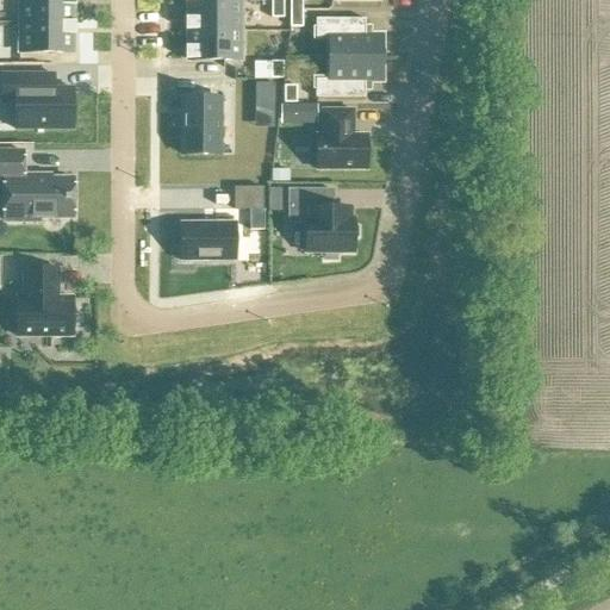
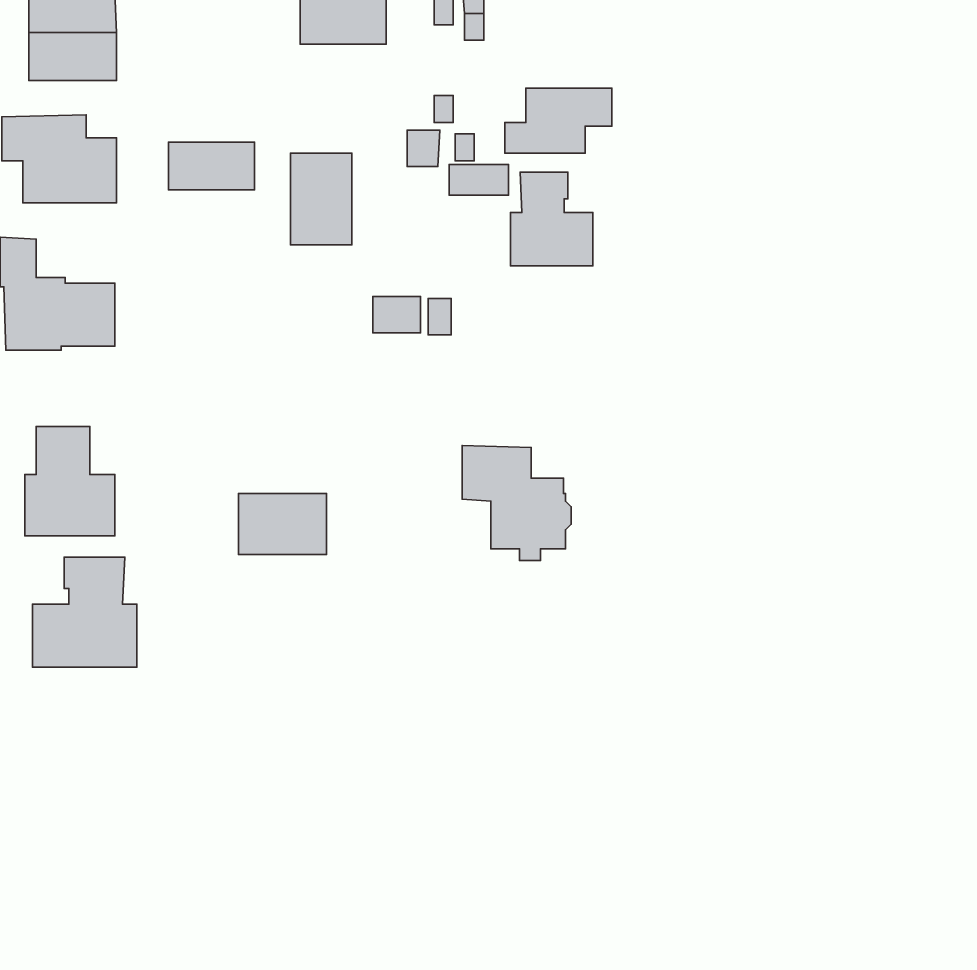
building: [315,17,381,55] -> none
building: [187,27,241,57] -> [168,142,255,190]
building: [287,186,355,257] -> [462,446,571,560]
building: [180,220,235,259] -> [238,493,326,555]
building: none -> [32,557,137,667]

